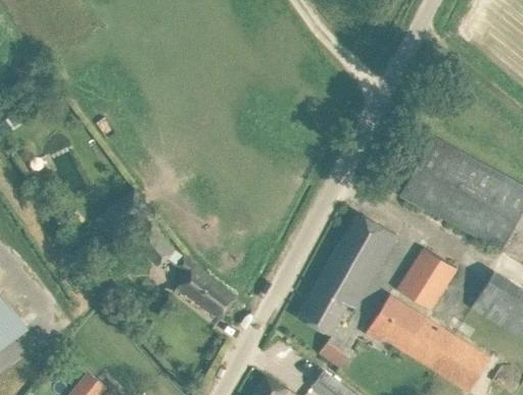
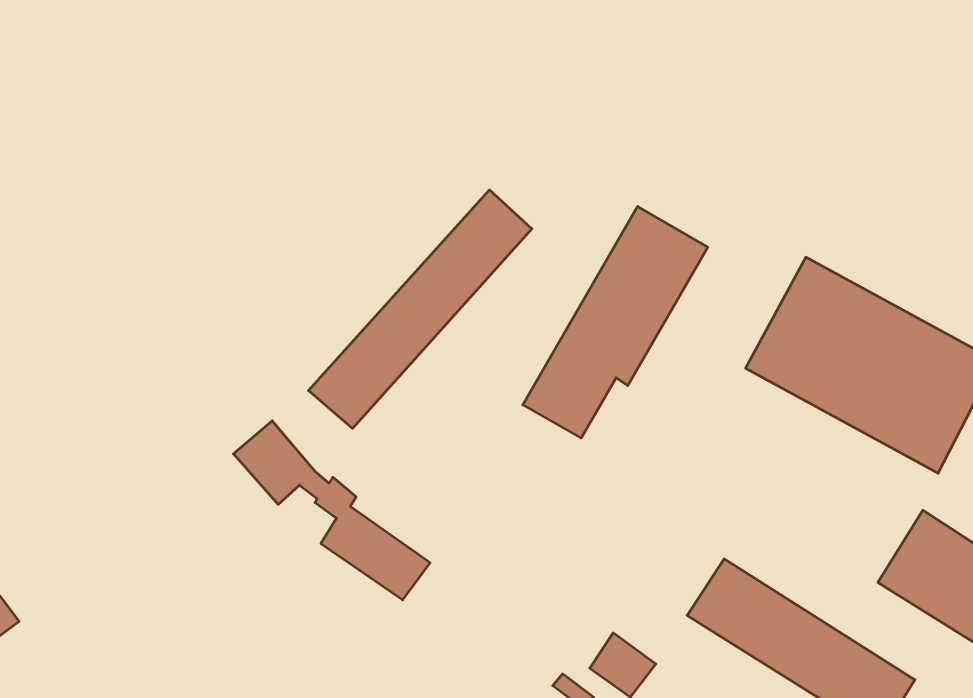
building: none -> [308,190,532,428]
building: [298,213,395,335] -> [523,206,708,438]
building: [397,248,457,311] -> none

